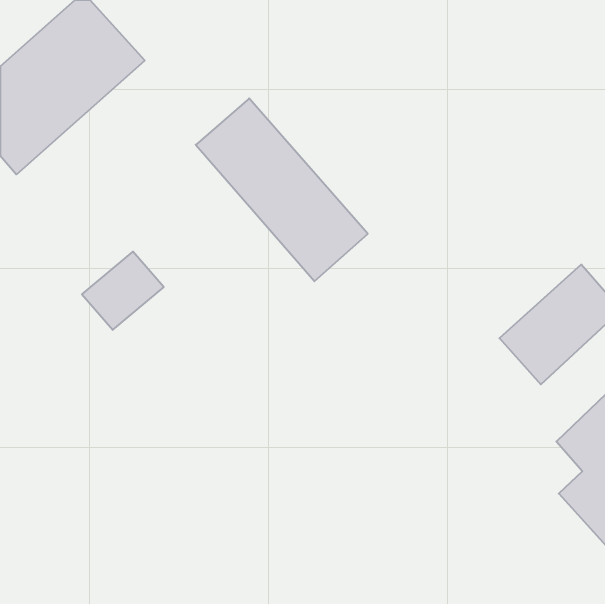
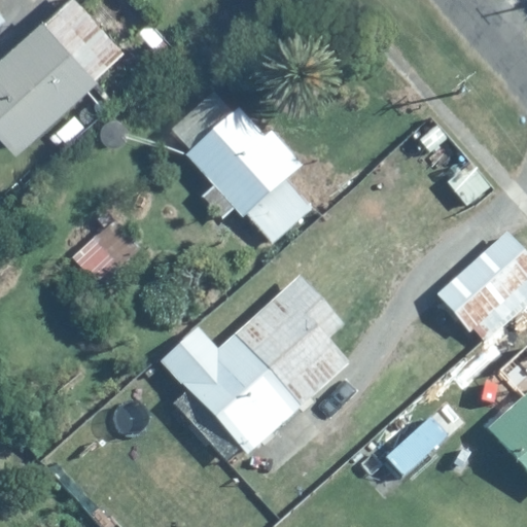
building: none -> [160,273,348,458]

